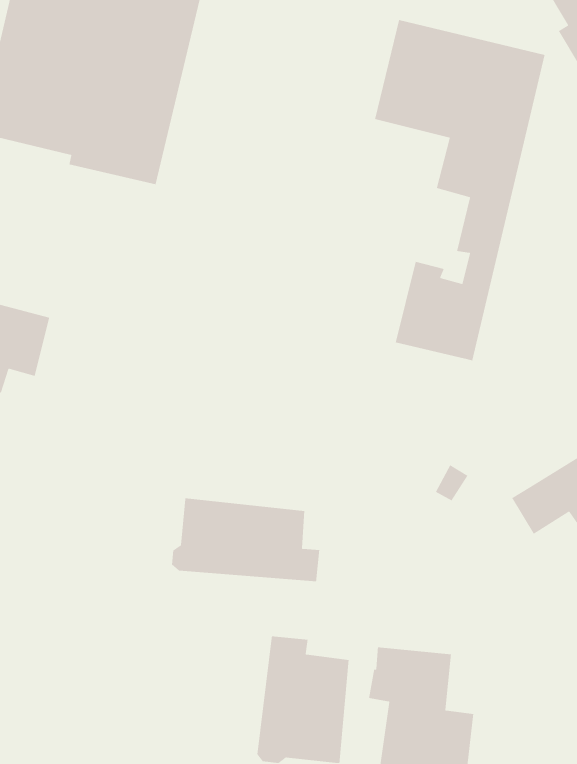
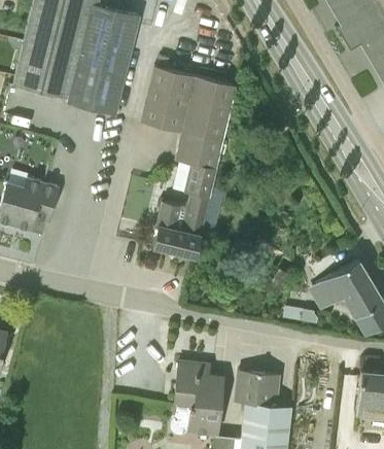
building: [374,19,545,361] -> [140,65,235,254]
building: [171,497,320,582] -> none

